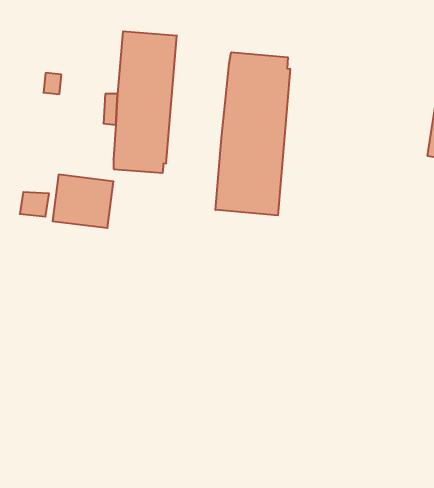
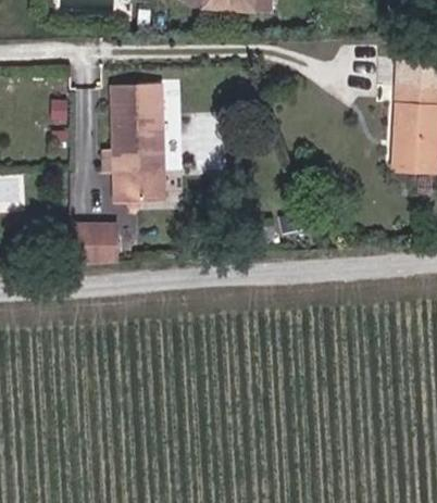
building: [215,52,290,215] -> none

